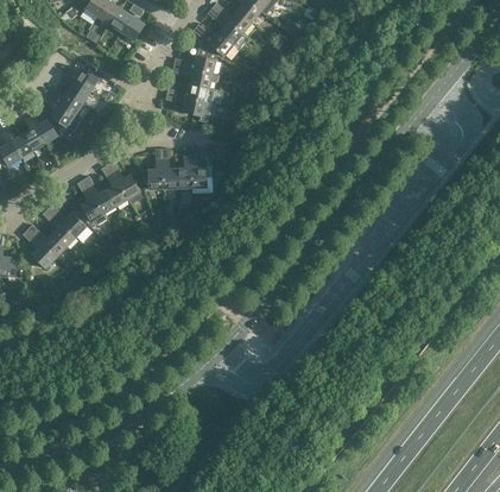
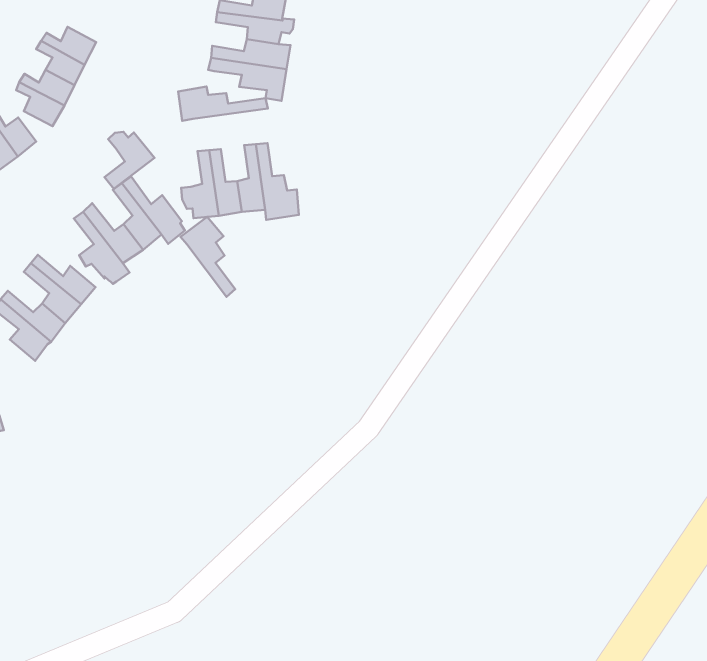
building: none -> [178,86,268,121]
building: none -> [104,132,155,189]
building: none -> [181,217,235,297]

